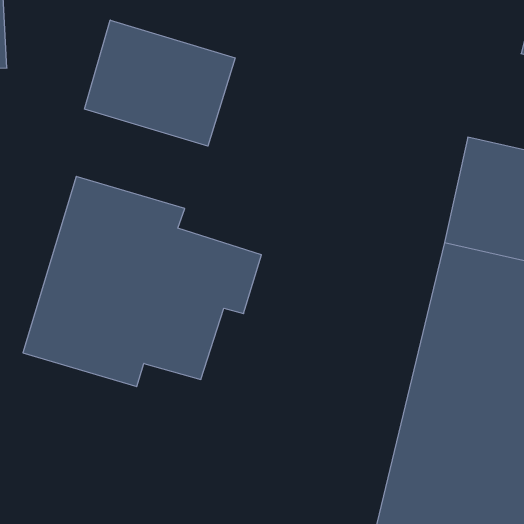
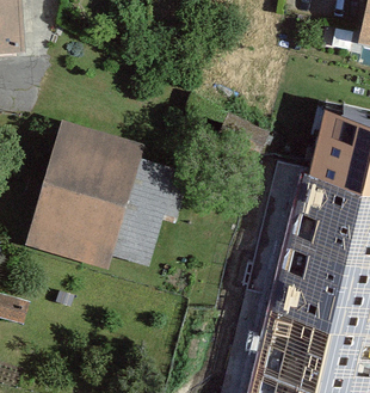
building: [84,20,235,146] -> none

